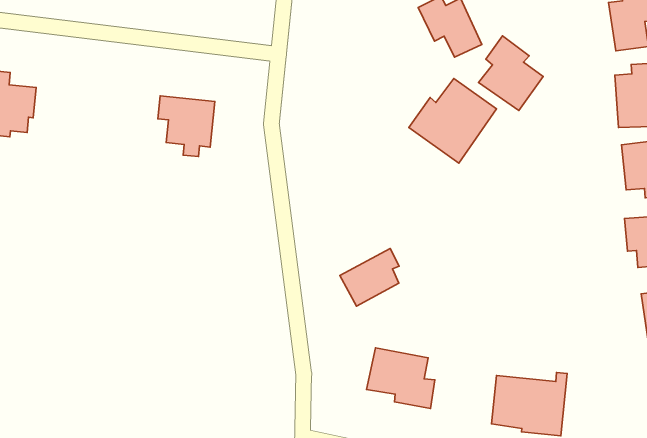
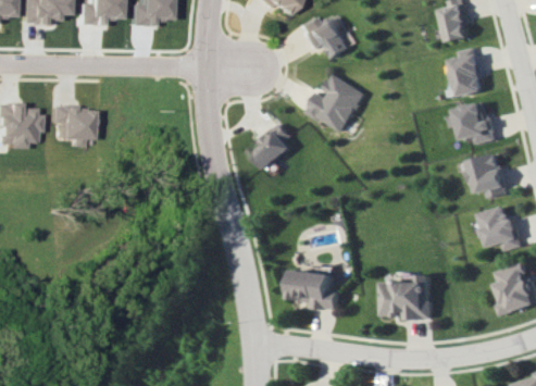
building: [478,36,543,111] -> none
building: [158,96,215,157] -> [48,105,87,146]
building: [340,248,399,306] -> [248,124,290,167]

